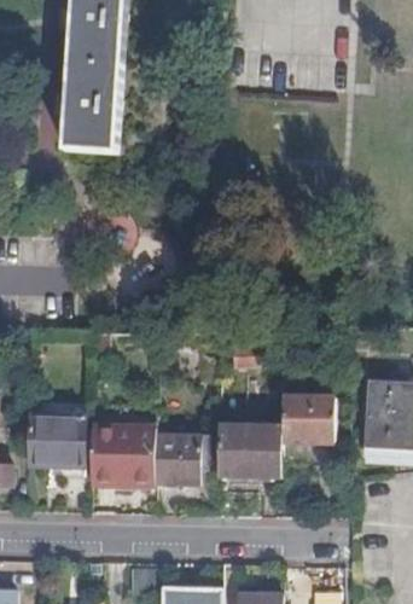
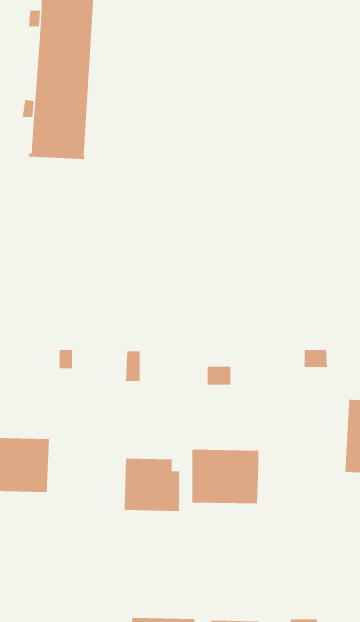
building: [283,397,336,442] -> none
building: [89,432,156,488] -> none

